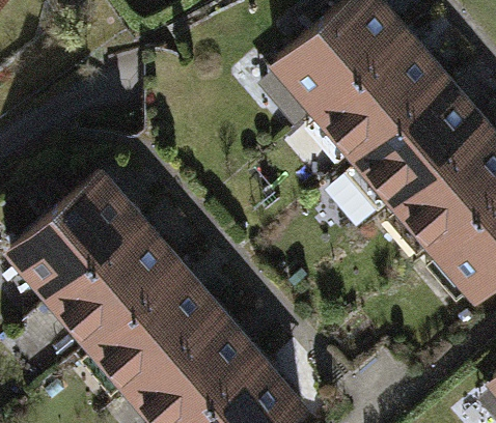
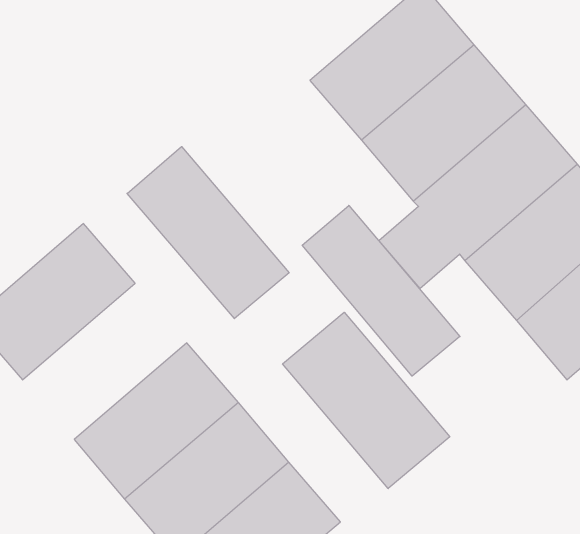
building: none -> [127,147,289,319]
building: none -> [302,205,460,376]
building: [53,223,182,345] -> none
building: none -> [283,312,450,489]

